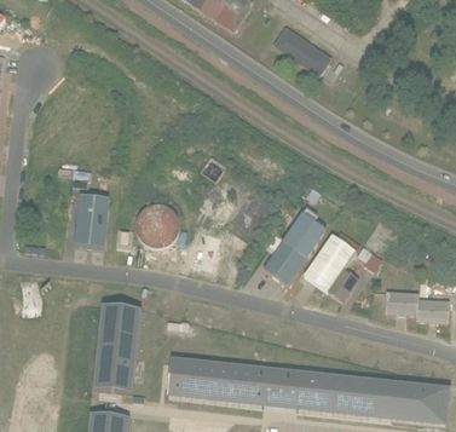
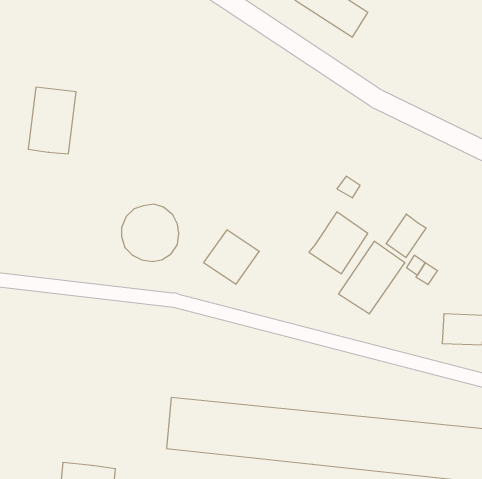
building: [70,192,108,244] -> [28,87,76,154]
building: [262,242,306,284] -> [204,230,259,284]
building: [329,267,360,301] -> [386,214,426,257]
building: [91,300,142,394] -> none

